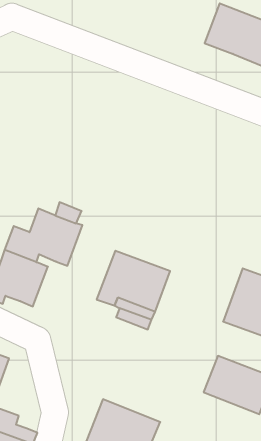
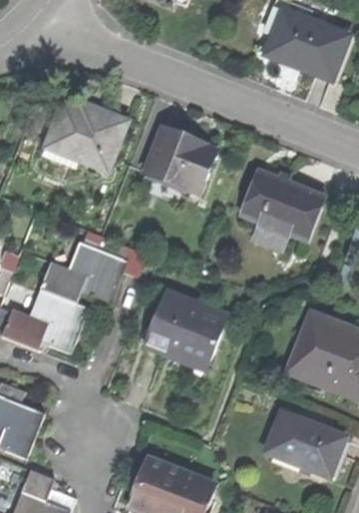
building: none -> [44,102,126,170]
building: none -> [143,128,214,193]
building: none -> [242,171,323,239]

